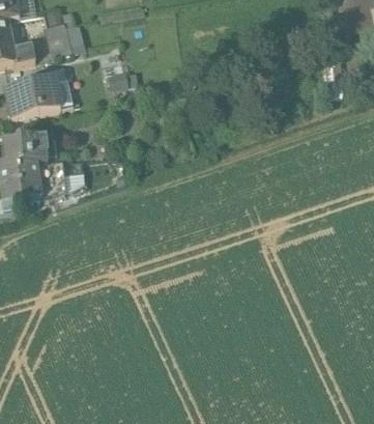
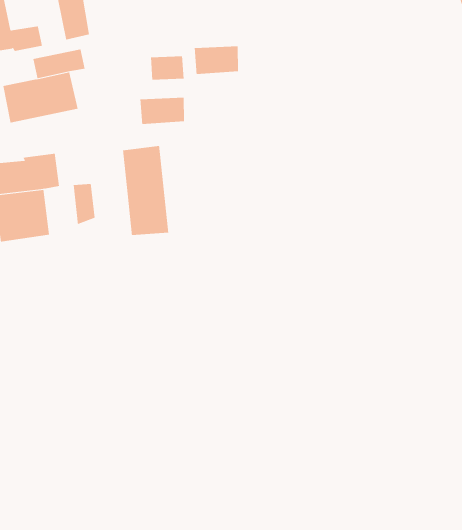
building: none -> [194,46,239,75]
building: none -> [140,97,184,125]
building: none -> [122,145,169,236]

